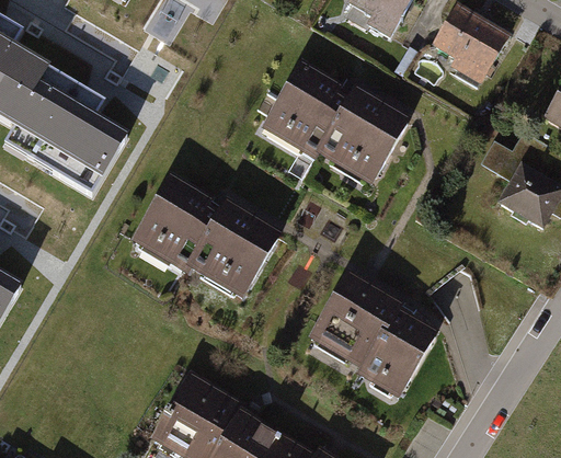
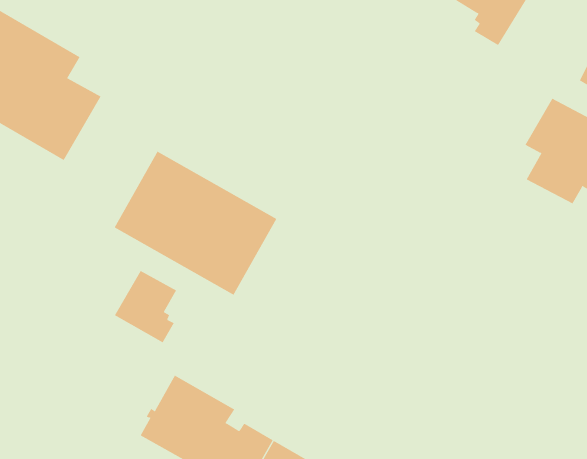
building: [267,62,407,173] -> none
building: [316,274,434,387] -> none
building: none -> [114,270,177,343]

